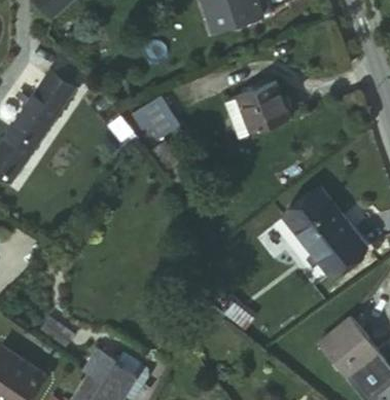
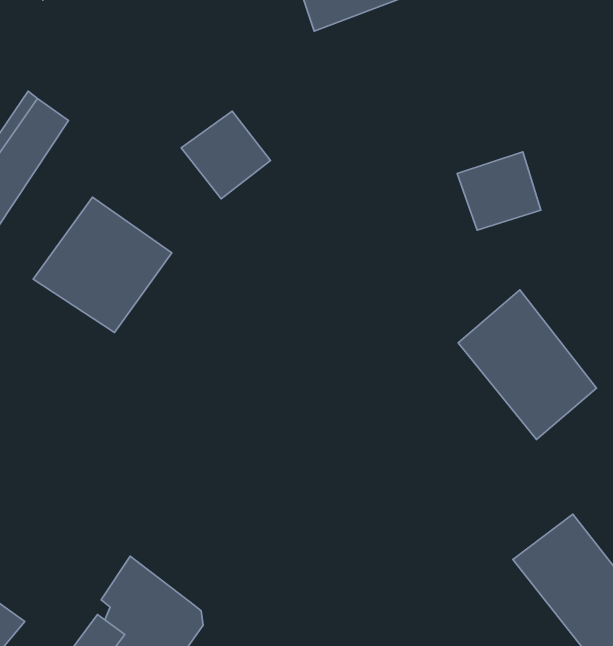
building: [250,83,297,128] -> [457,152,541,230]
building: none -> [33,197,172,332]

